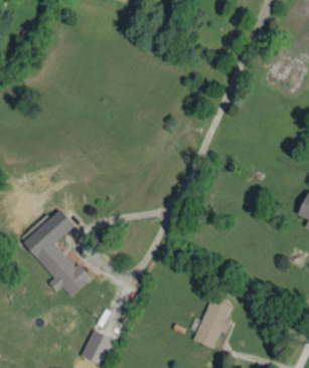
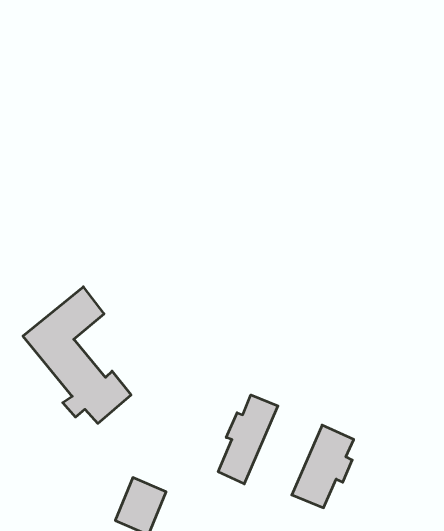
building: none -> [218,395,278,484]

